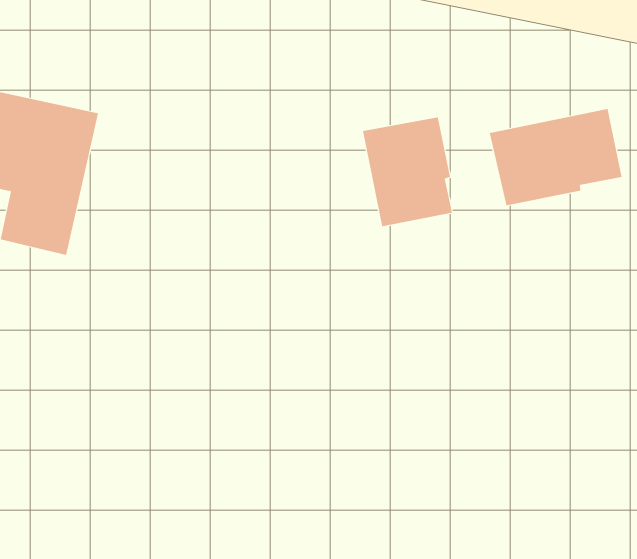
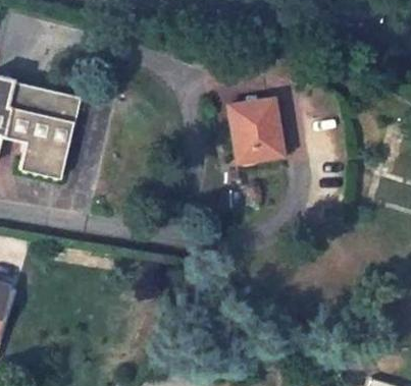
building: [489,108,622,206] -> none

